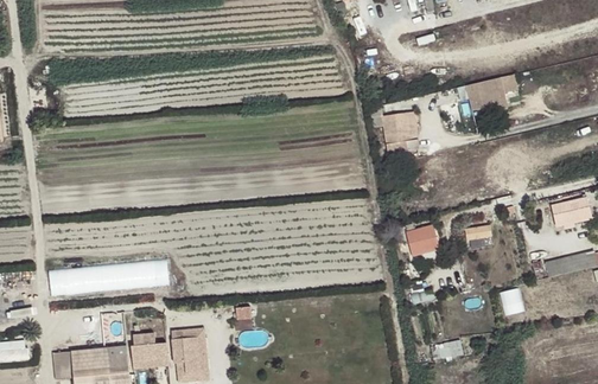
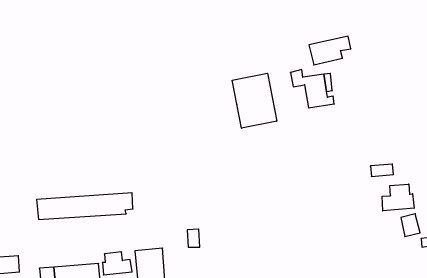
building: [465,75,517,110] -> [309,36,351,65]
building: none -> [232,73,277,128]
building: [407,224,439,254] -> none
building: none -> [382,184,414,211]

